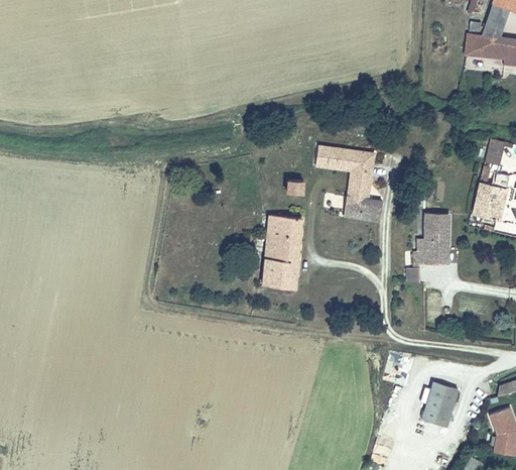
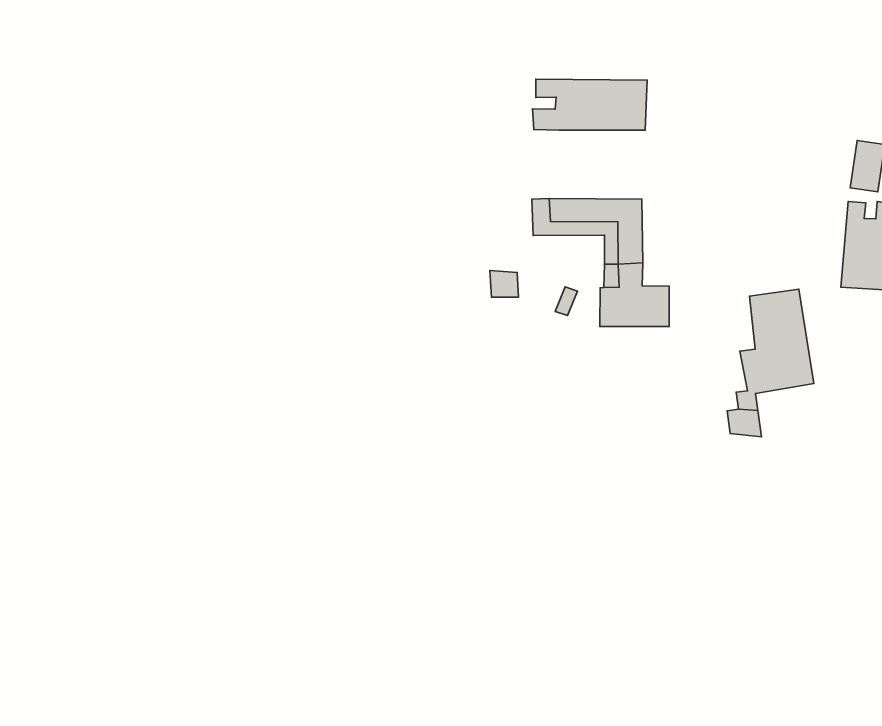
building: none -> [532,79,647,130]
building: [264,218,302,291] -> none
building: [422,382,458,426] -> none

